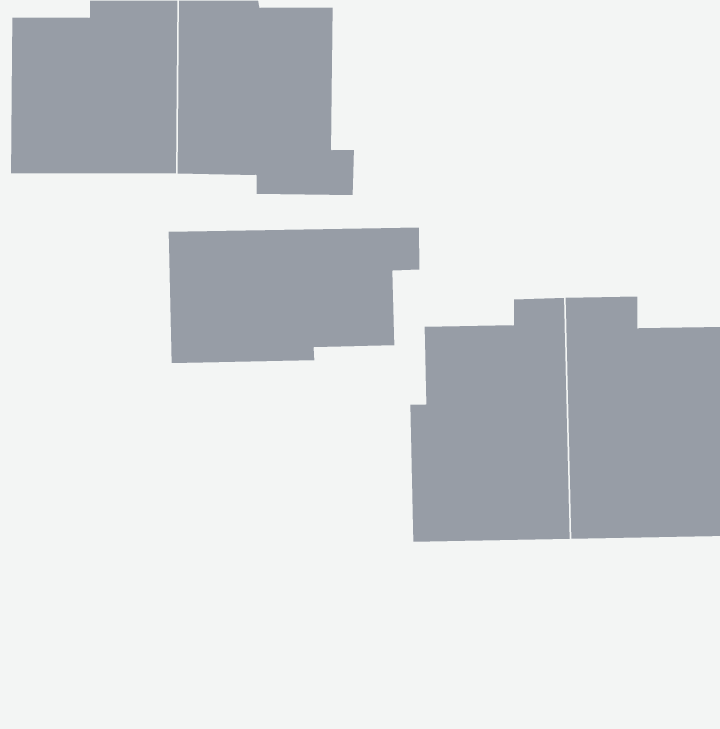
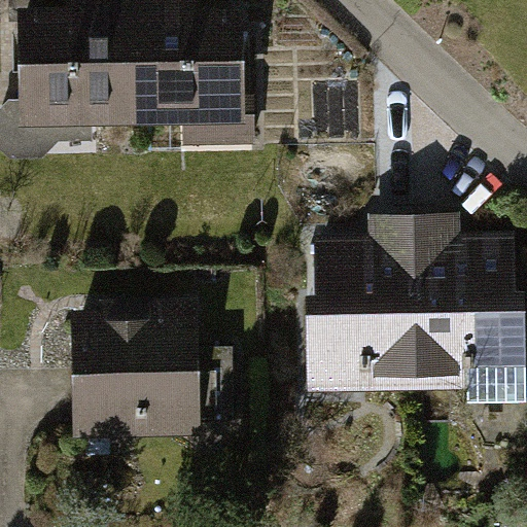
building: [168,227,420,364] -> none
building: none -> [56,300,200,445]

